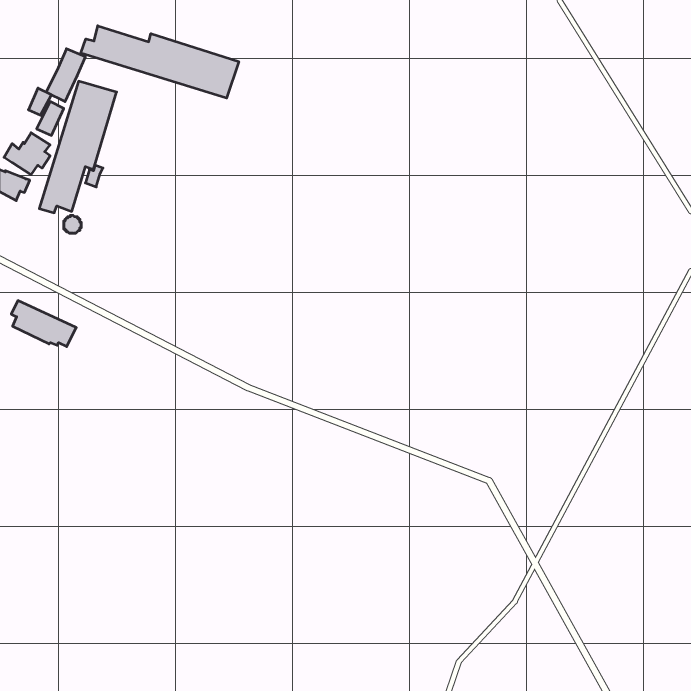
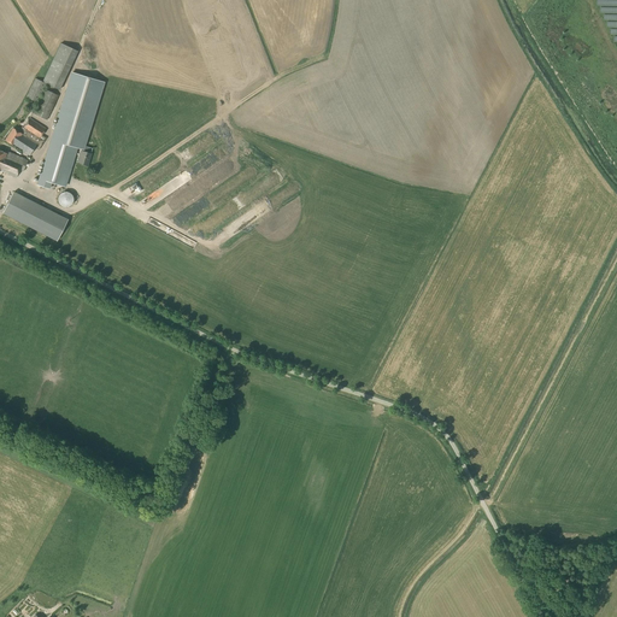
building: [81,26,239,98] -> none
building: [11,301,76,347] -> [7,192,65,233]

